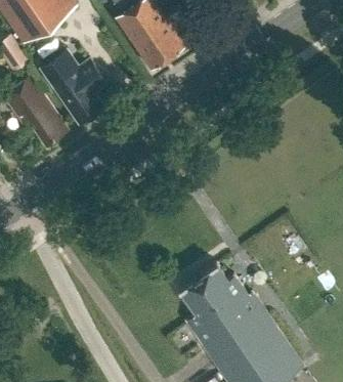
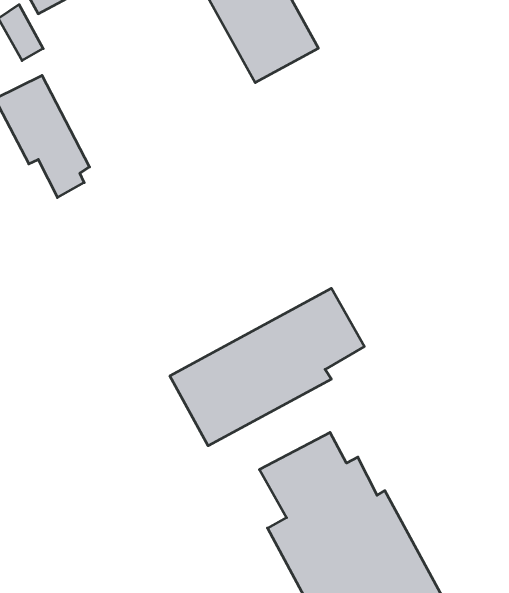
building: [41,54,105,123] -> none
building: none -> [170,288,364,446]

